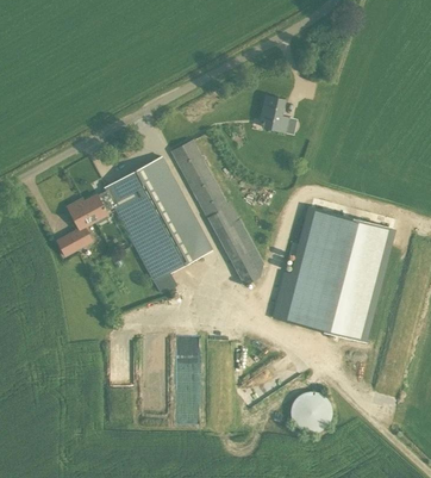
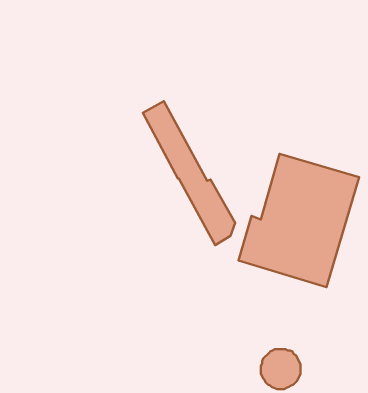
building: [261,97,289,134] -> none
building: [57,157,213,284] -> none

